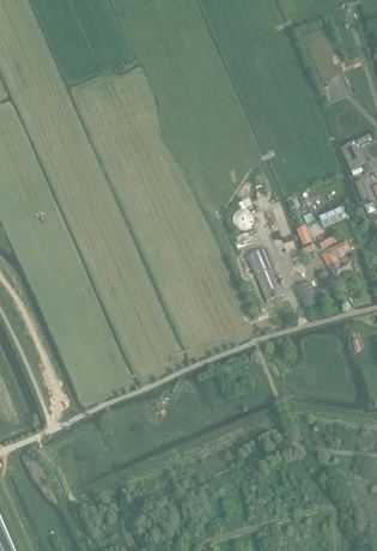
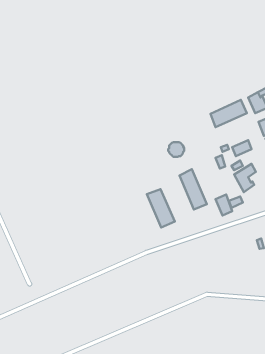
building: none -> [211,100,247,127]
building: none -> [147,189,175,228]

